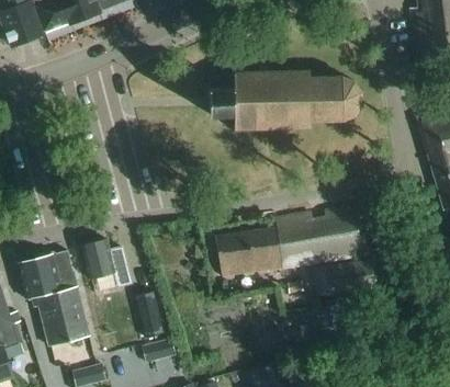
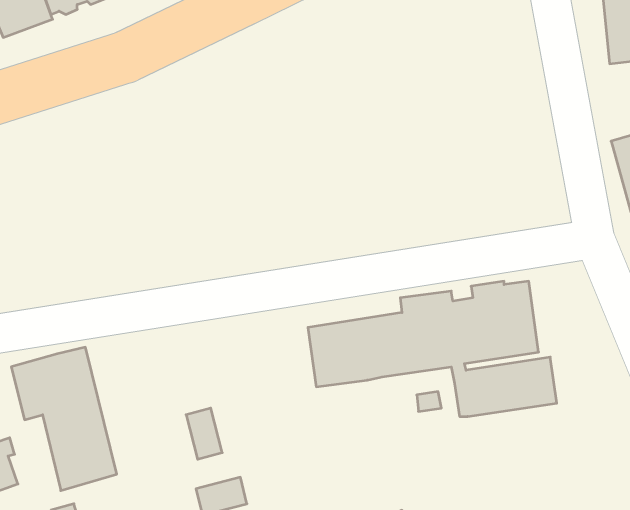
building: [210,68,362,128] -> none
building: [81,238,132,287] -> none

